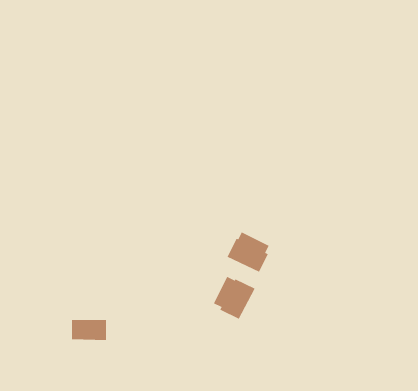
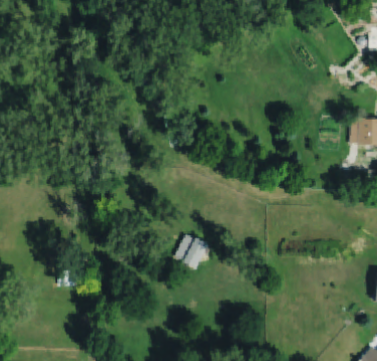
building: [227,232,269,273] -> none

